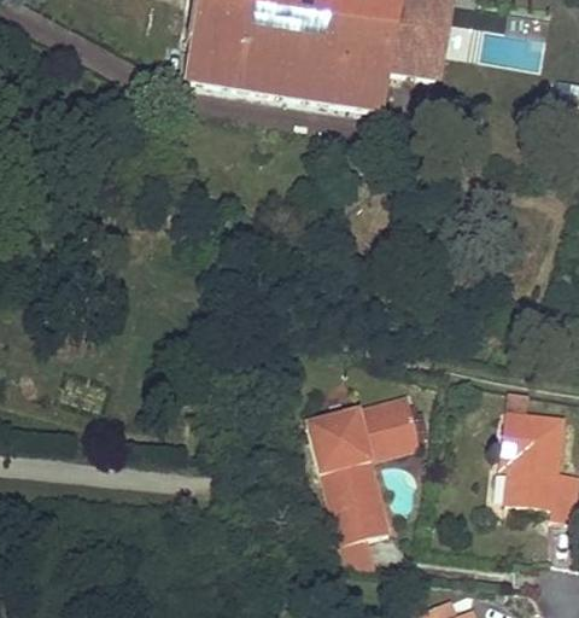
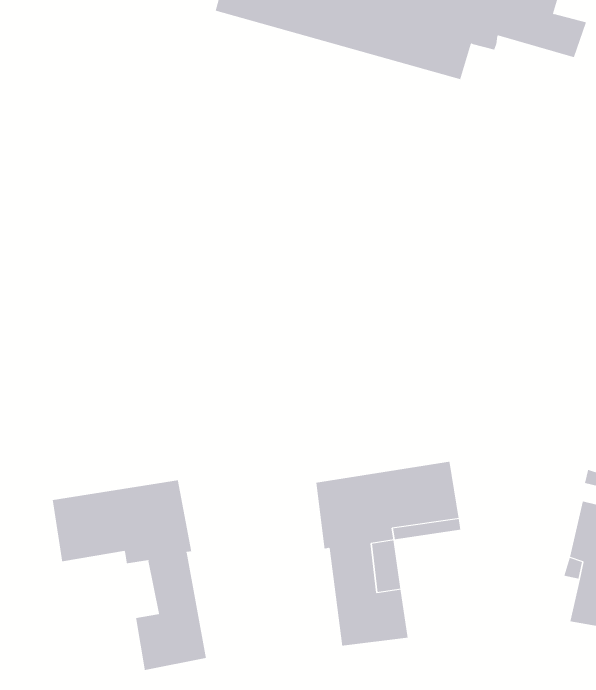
building: none -> [52,480,206,671]

